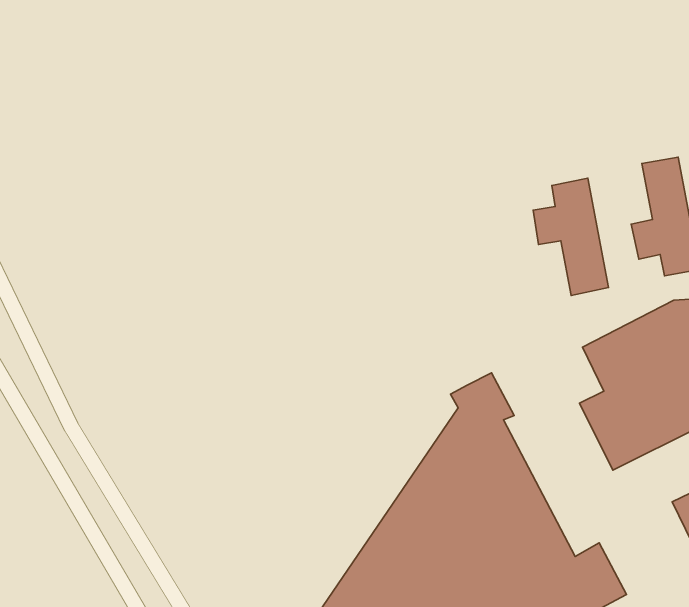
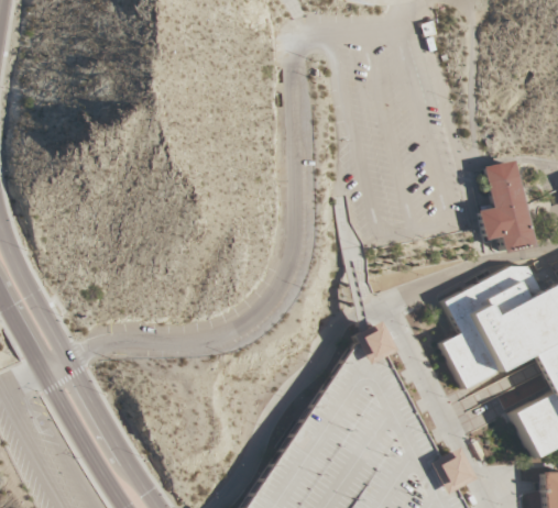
building: [533,178,608,295] -> none

